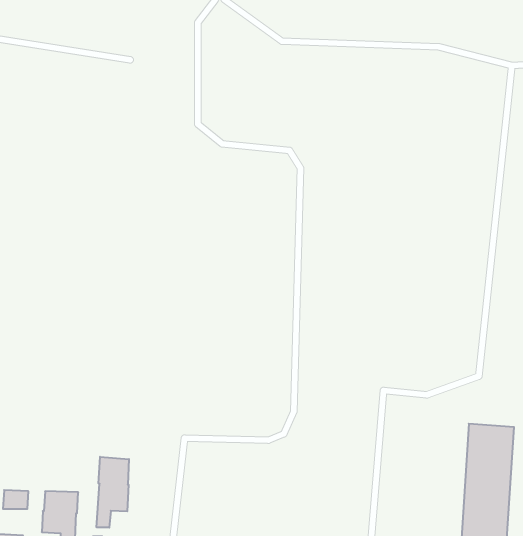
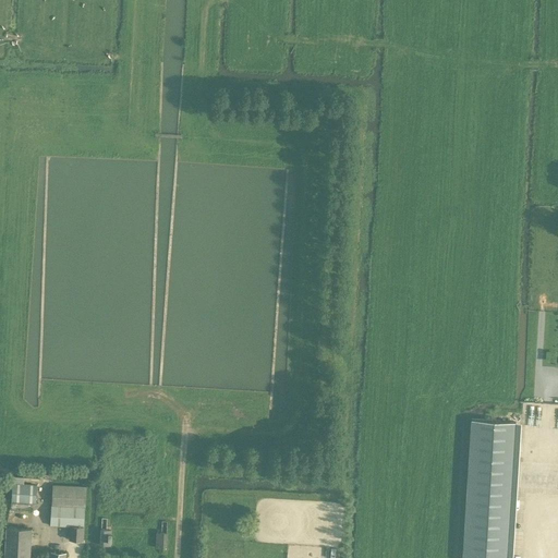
building: [97,457,129,528] -> none

